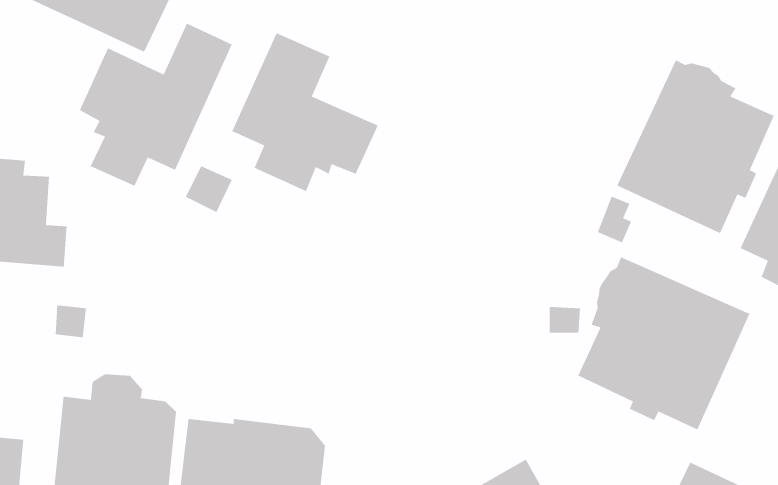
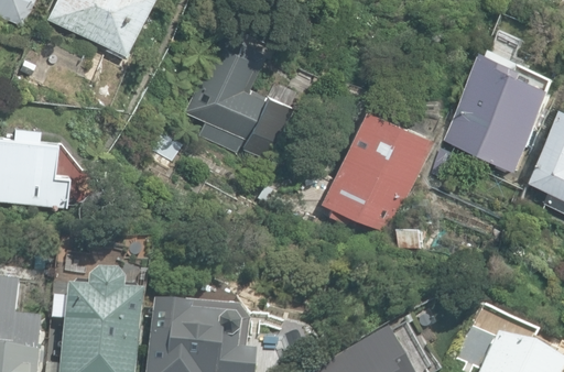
building: [79,23,233,187] -> none
building: none -> [321,107,432,233]
building: [577,256,750,430] -> none

